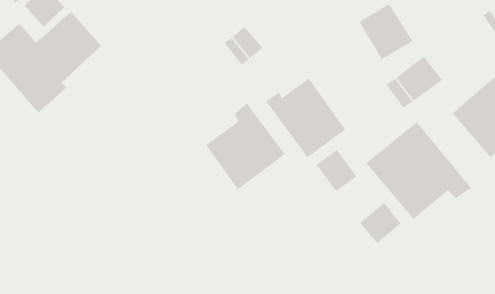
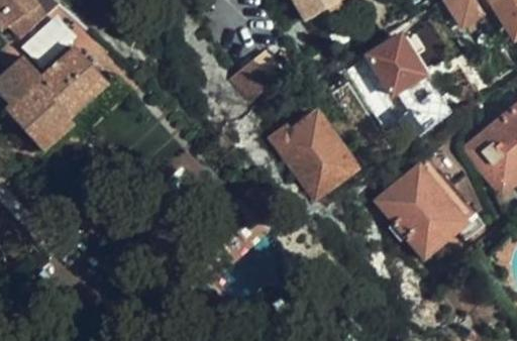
building: [206,102,285,190] -> none
building: [316,149,357,192] -> none
building: [359,202,402,244] -> none

